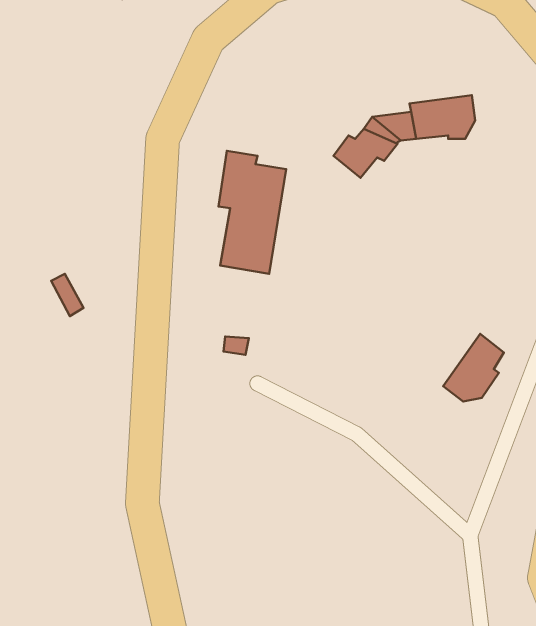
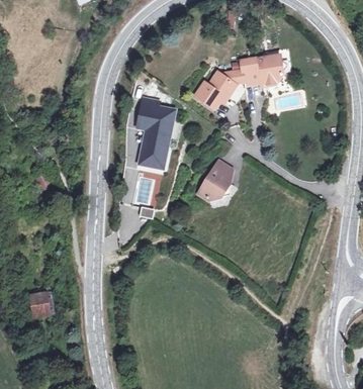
building: [443,334,504,401] -> [203,164,240,204]
building: none -> [30,293,53,314]

